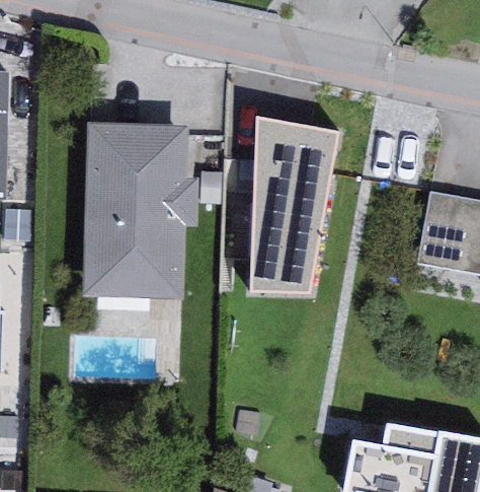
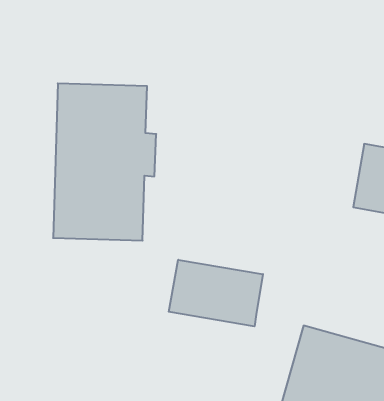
building: [250,121,338,295] -> none
building: none -> [169,260,263,326]

